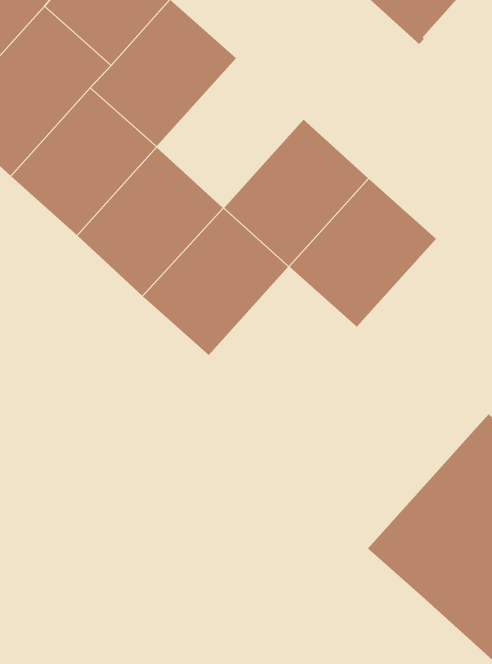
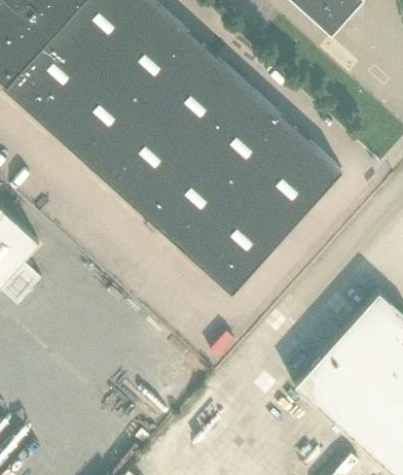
building: none -> [148,44,250,148]
building: none -> [184,190,287,294]

